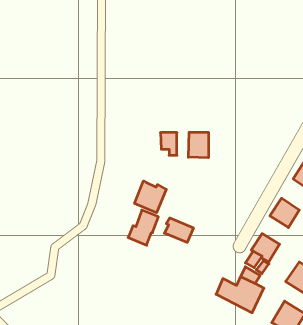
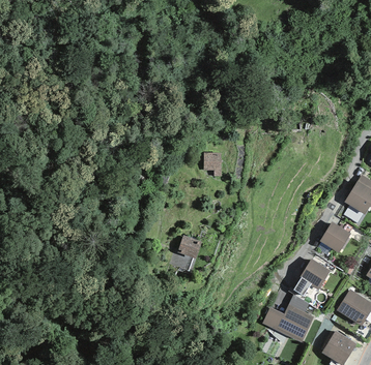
building: [188,132,208,158] -> none
building: [135,181,166,213] -> none
building: [164,218,193,242] -> none

